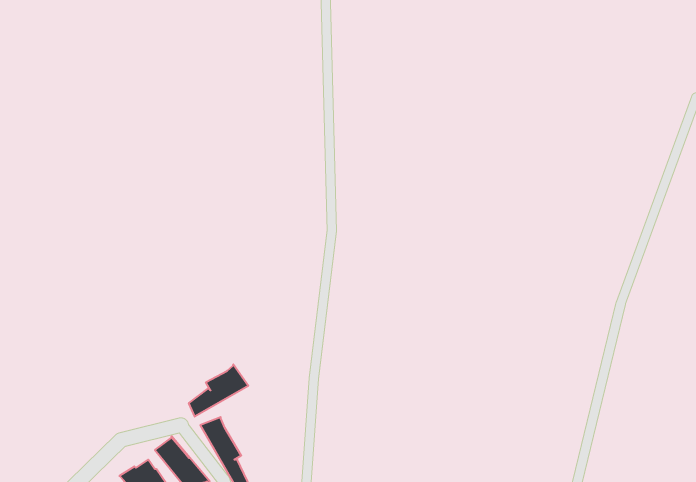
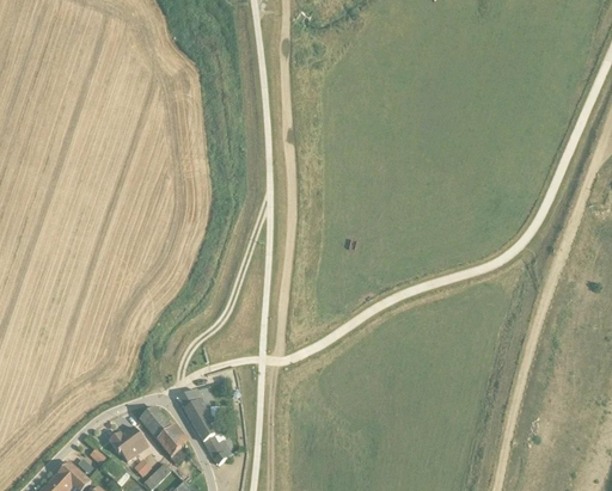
building: [189,364,248,417] -> none

